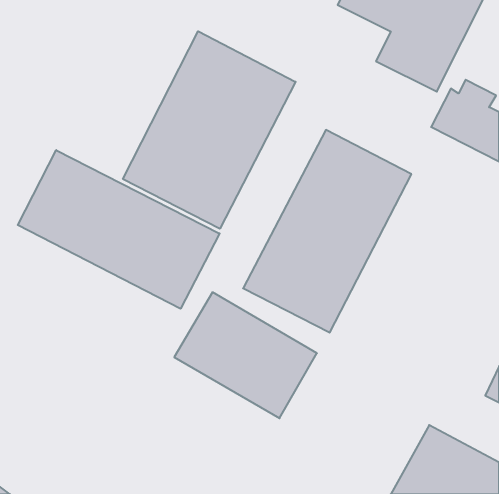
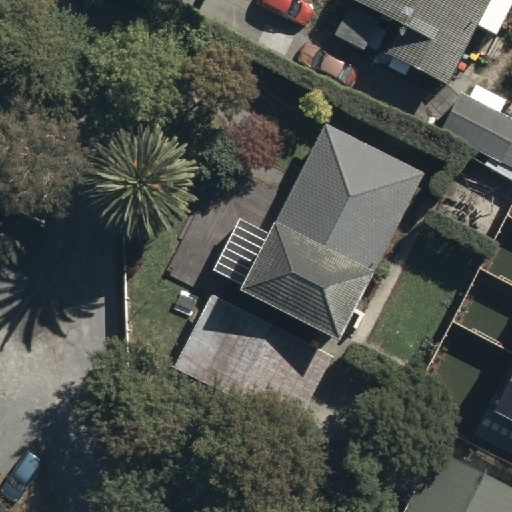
building: [123,31,296,229] -> none
building: [18,150,220,309] -> none

